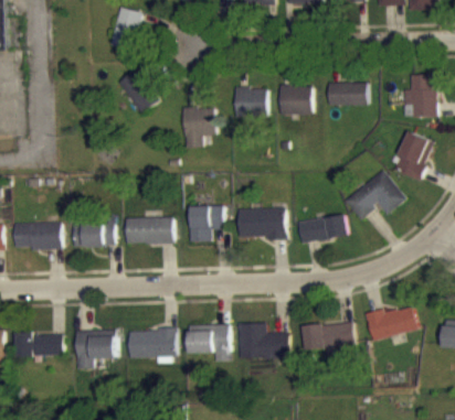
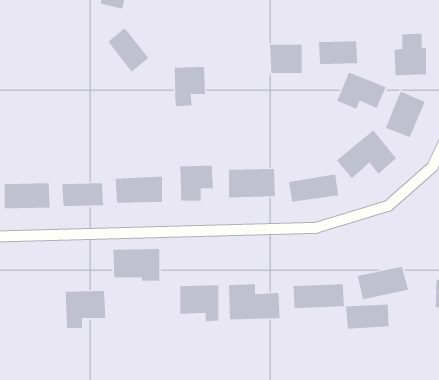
building: [234,87,267,116] -> none
building: none -> [336,72,387,110]
building: [128,329,176,362] -> [112,248,160,281]
building: [17,333,63,356] -> none
building: none -> [345,304,389,329]

